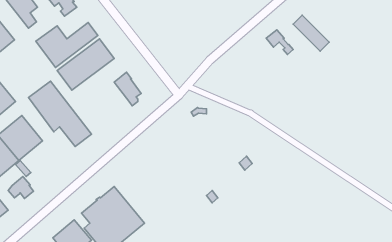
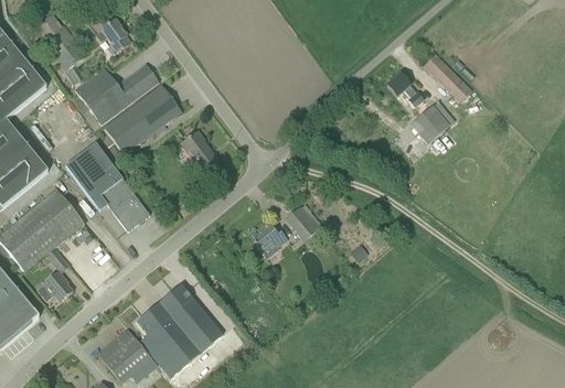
building: none -> [411,100,455,143]
building: none -> [286,206,319,239]
building: none -> [249,222,287,258]

